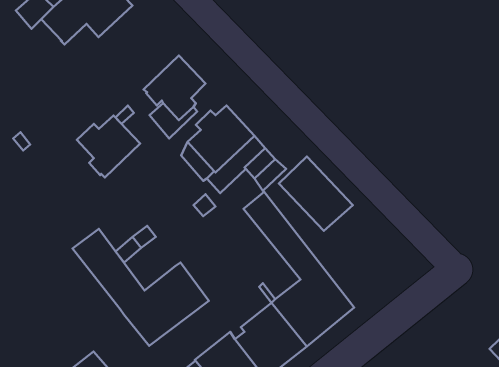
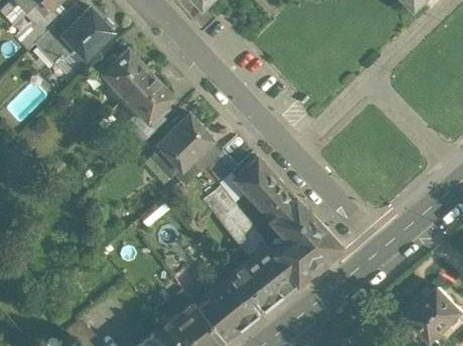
building: [77,115,140,178] -> [97,50,149,102]
building: none -> [268,197,340,282]
building: [73,229,209,346] -> none

